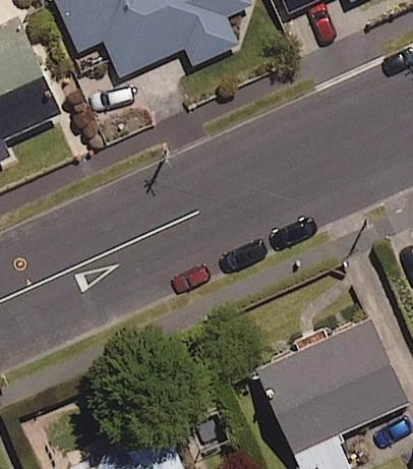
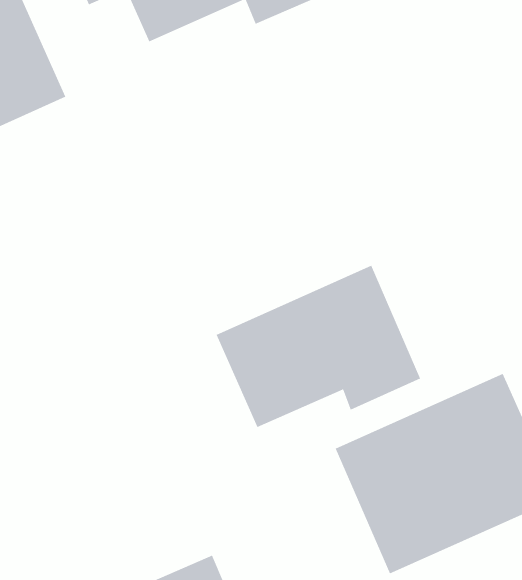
building: none -> [216,265,421,428]

